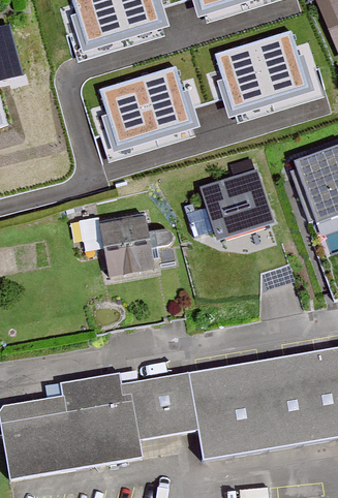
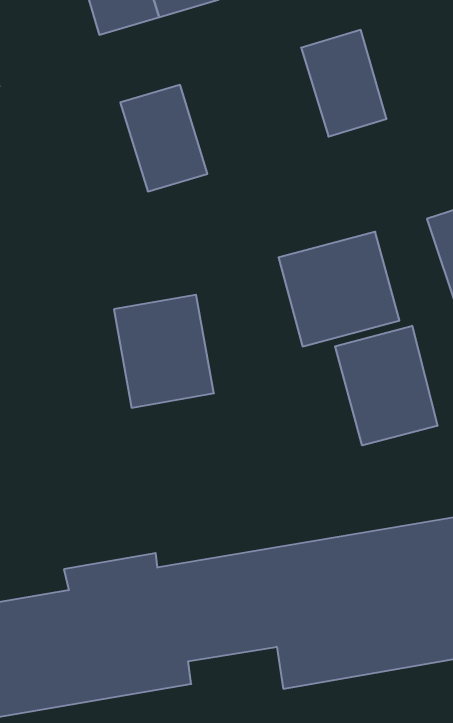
building: [252,28,307,96] -> none
building: [136,63,191,131] -> none
building: none -> [335,326,437,445]

